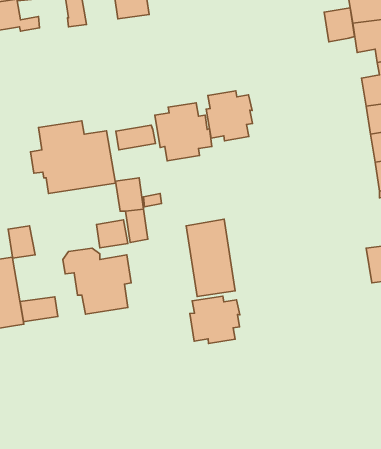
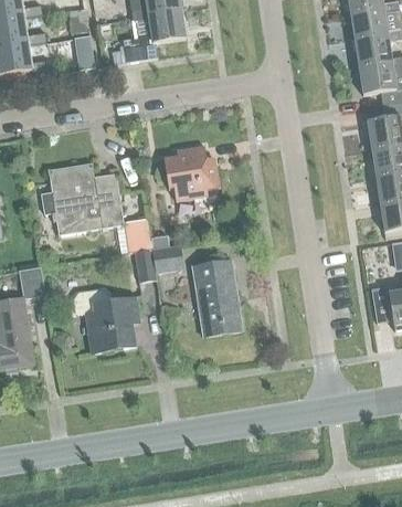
building: [324,8,355,42] -> none
building: [206,91,252,141] -> none
building: [116,125,155,150] -> none
building: [97,220,128,248] -> [151,245,182,273]
building: [190,296,240,344] -> none
building: [20,297,58,322] -> none

